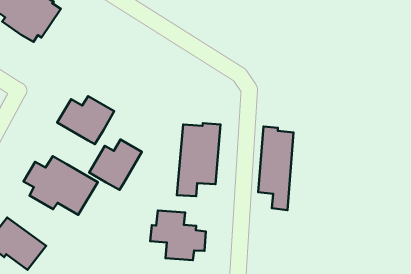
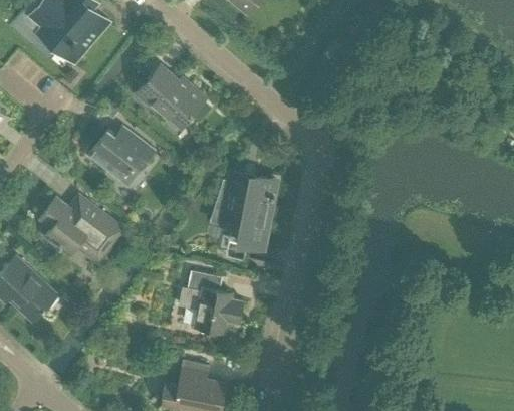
building: none -> [136,64,207,129]
building: [258,126,294,210] -> none
building: [89,139,142,190] -> none

